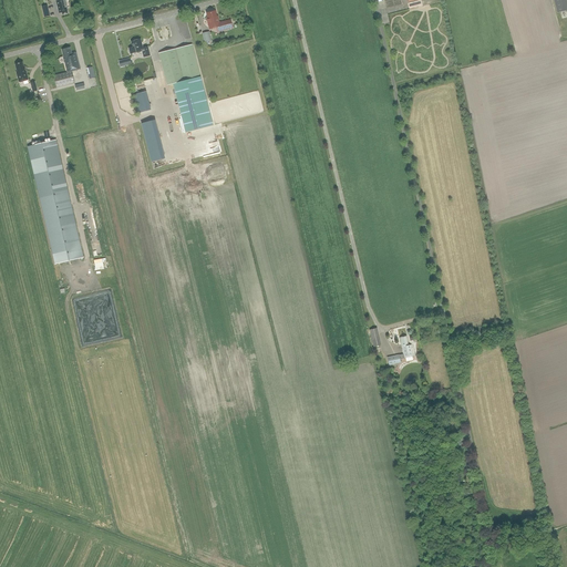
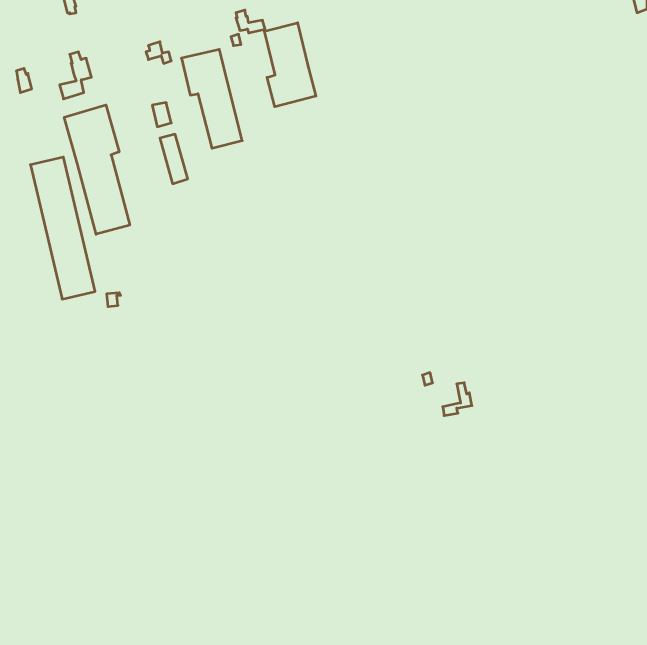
building: none -> [264,23,316,107]
building: none -> [64,105,130,234]

